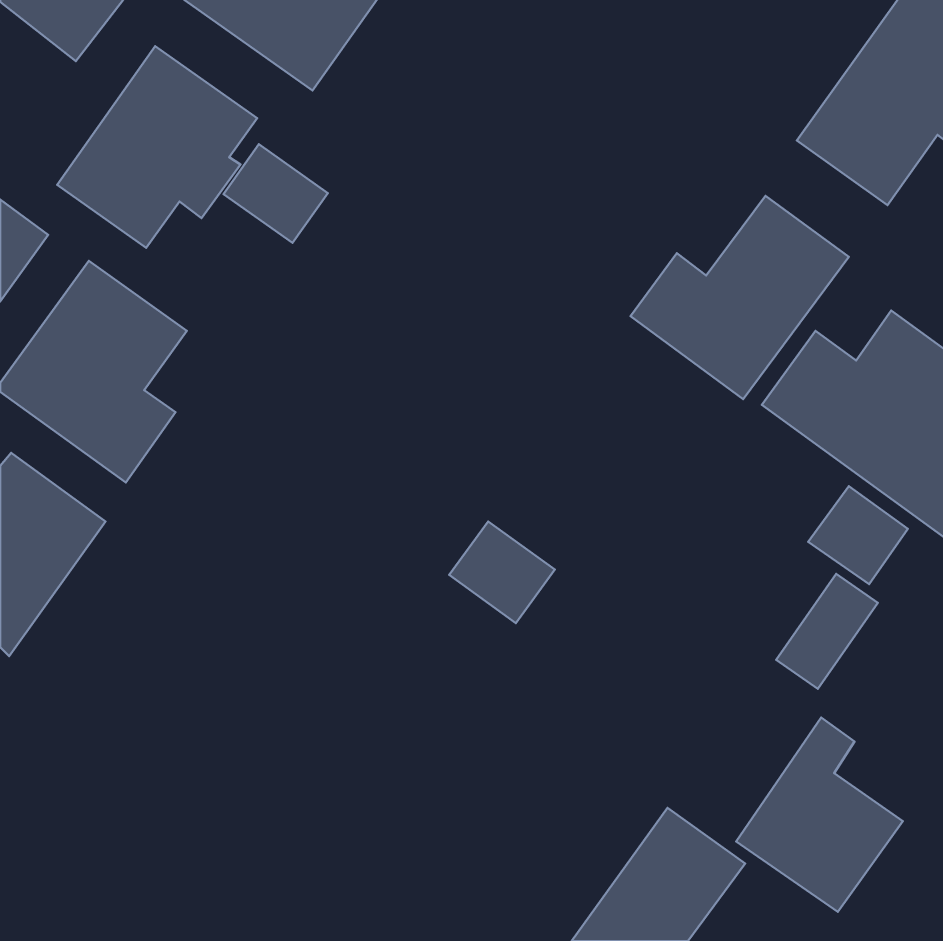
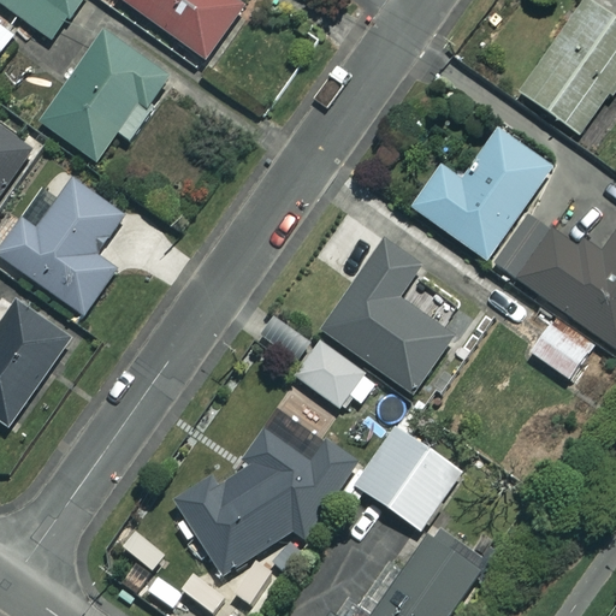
building: [224,144,328,243] -> none
building: none -> [321,241,452,393]
building: [776,574,878,689] -> none
building: none -> [171,425,359,576]
building: [736,718,903,912] -> [354,404,462,531]

